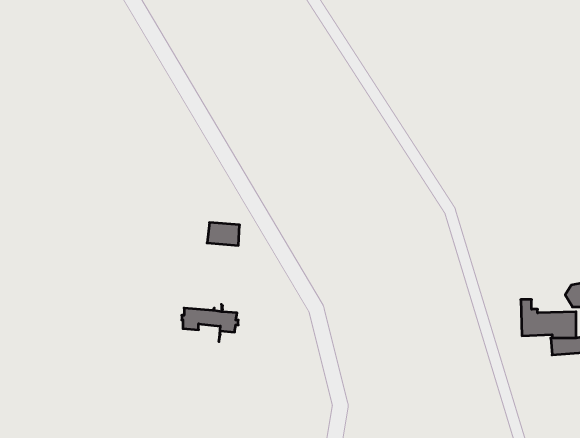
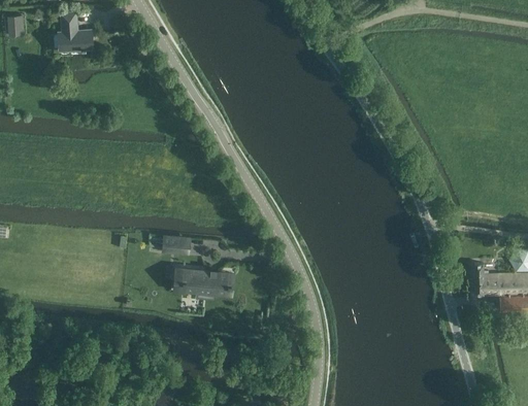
building: none -> [59,11,93,49]
building: [207,223,240,245] -> [163,237,191,257]

